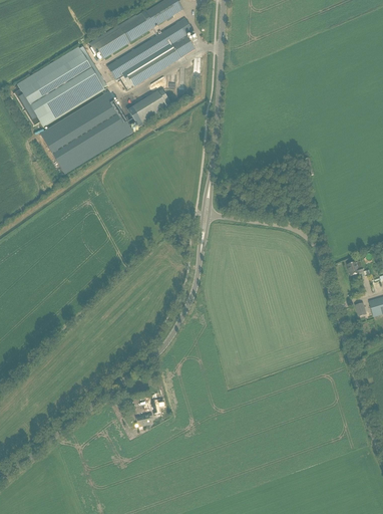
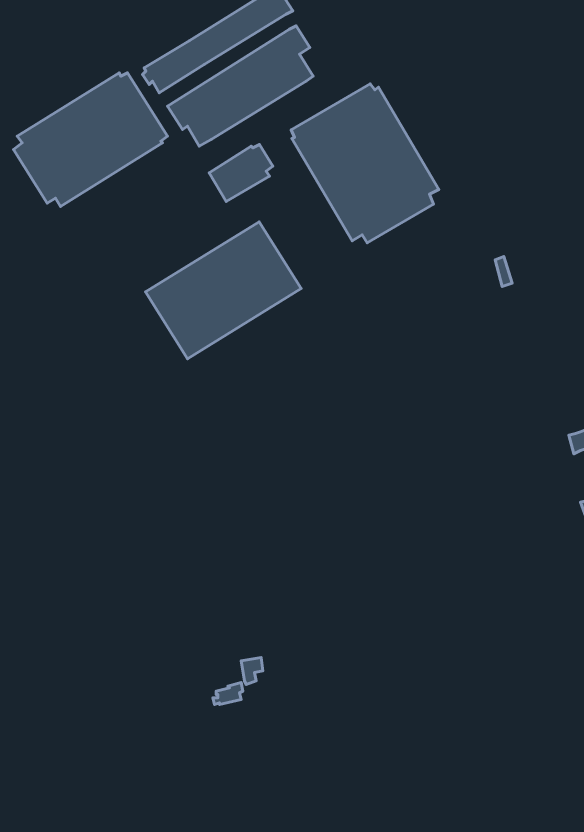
building: none -> [291,84,439,243]
building: [39,90,132,173] -> [146,222,301,359]

